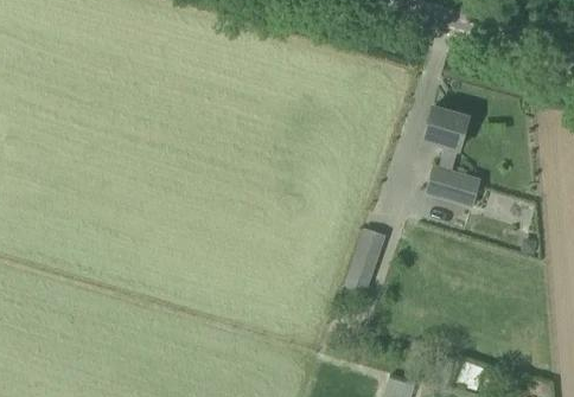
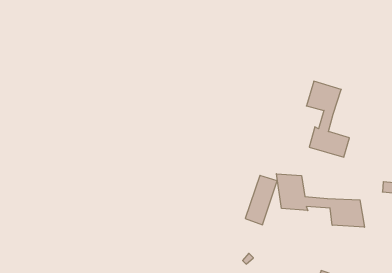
building: none -> [276,174,364,227]

